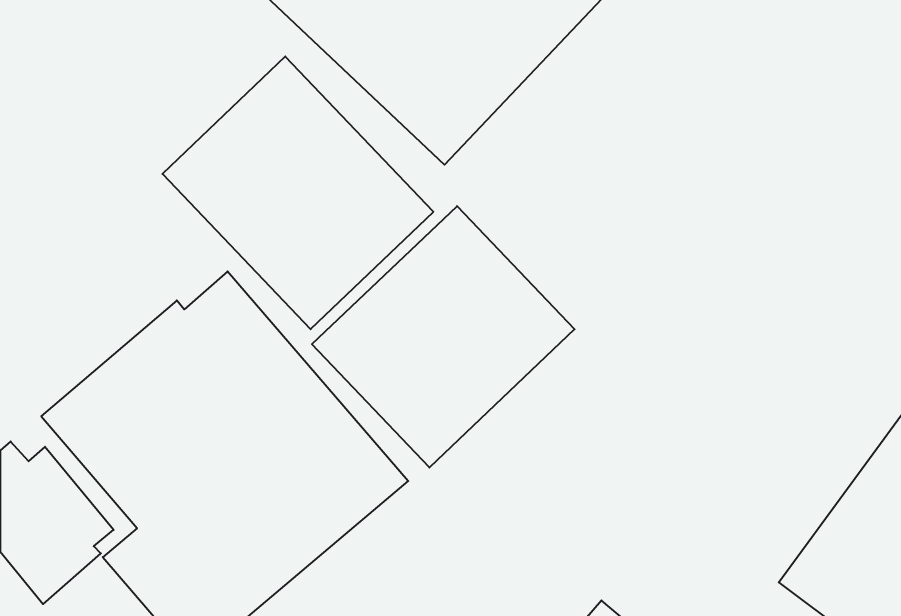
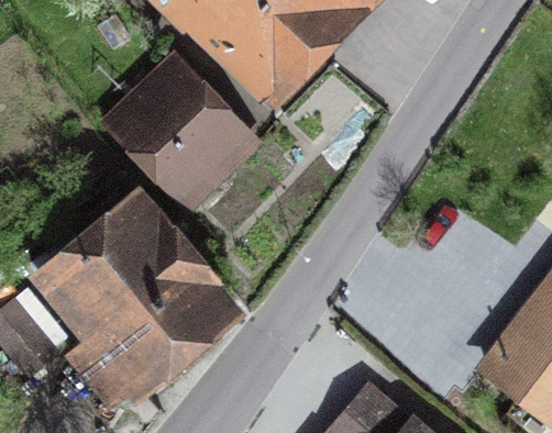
building: [312,206,575,468] -> none

